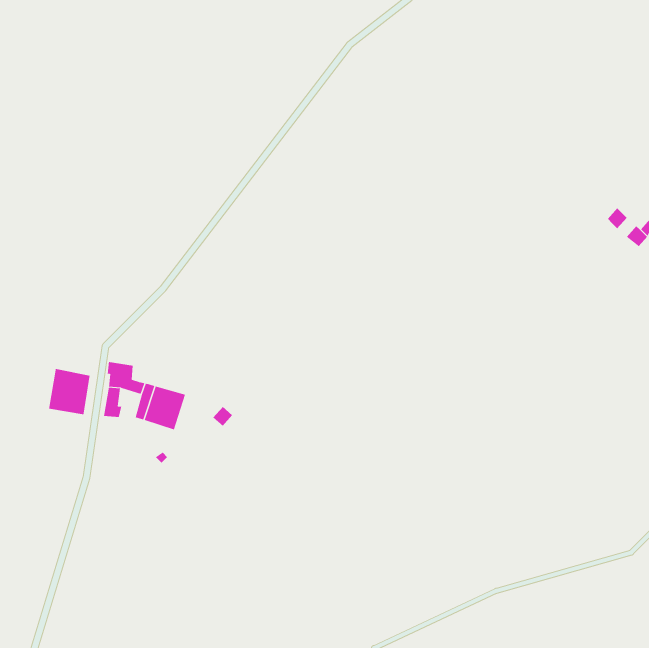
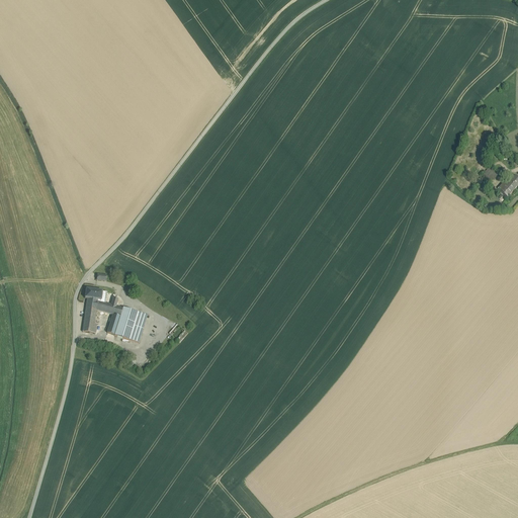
building: [48,368,90,415] -> none

